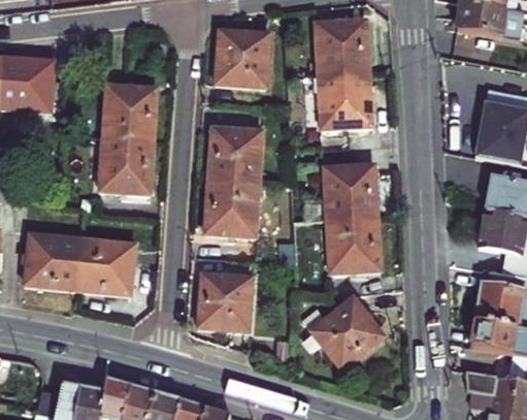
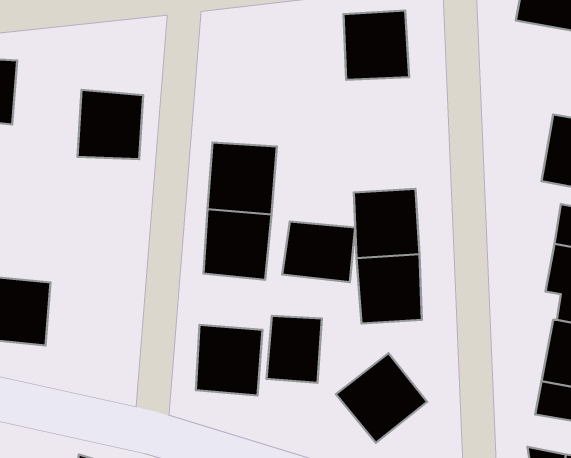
building: [216,29,270,86] -> none
building: [319,73,371,127] -> none
building: [99,137,153,193] -> none
building: none -> [282,221,355,282]
building: [77,238,135,294] -> none
building: none -> [267,316,322,383]

